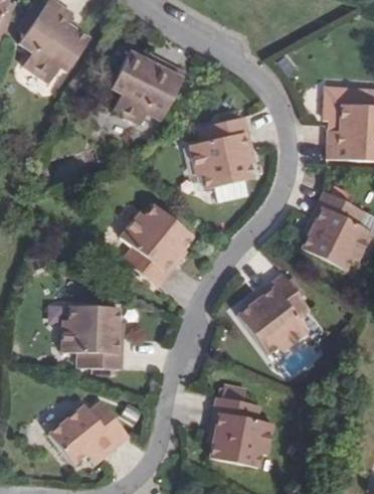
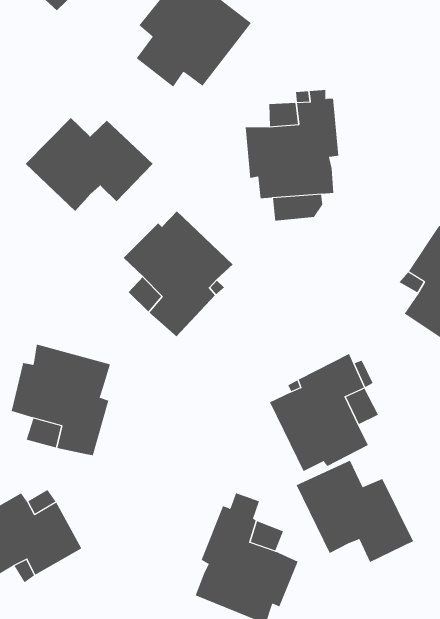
building: none -> [25,117,153,212]
building: none -> [296,460,414,563]

